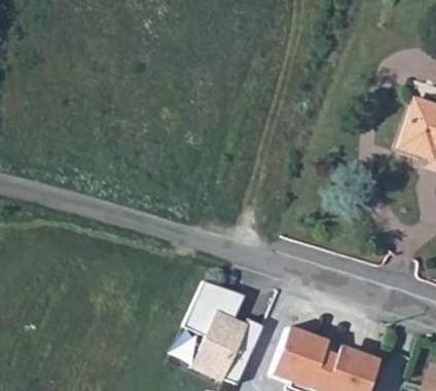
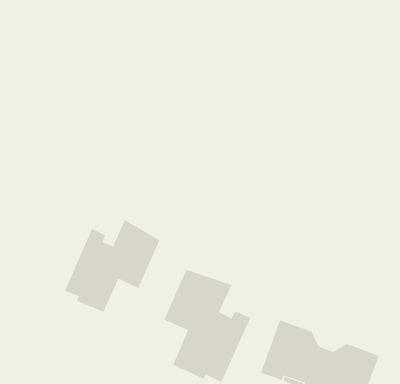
building: none -> [64,219,160,313]

